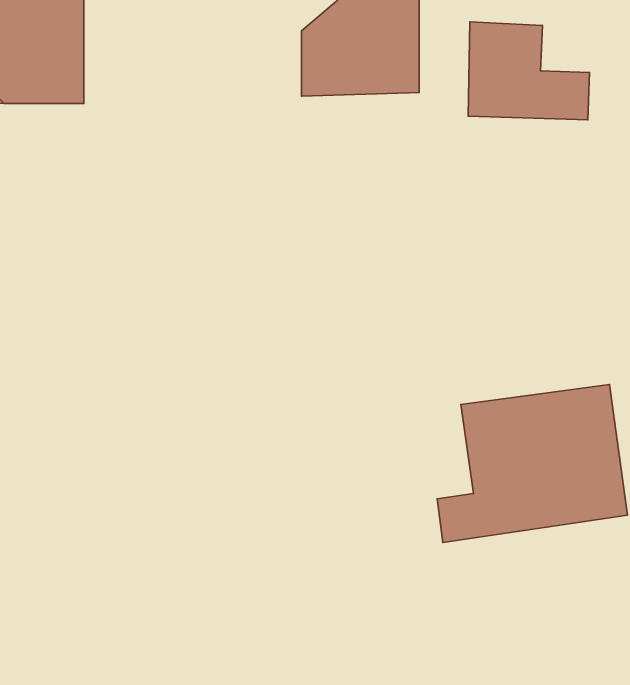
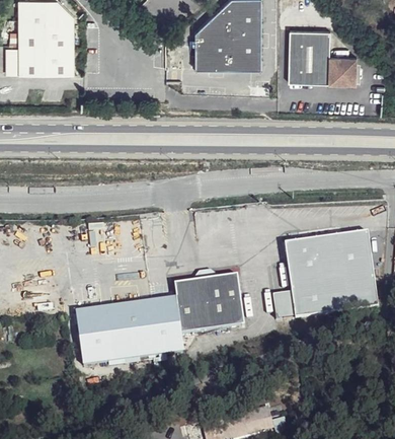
building: none -> [75,272,244,363]

